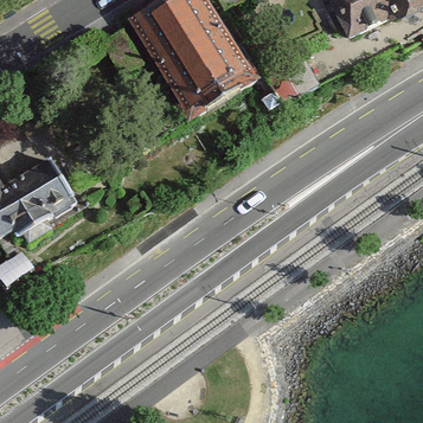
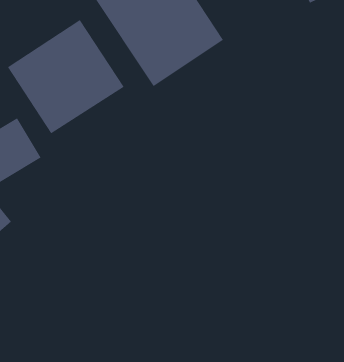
building: none -> [7,19,125,134]

